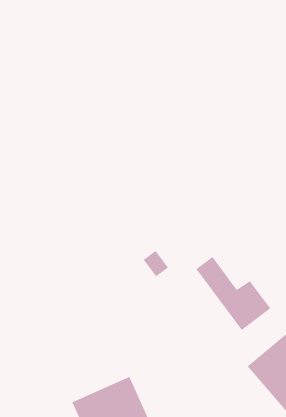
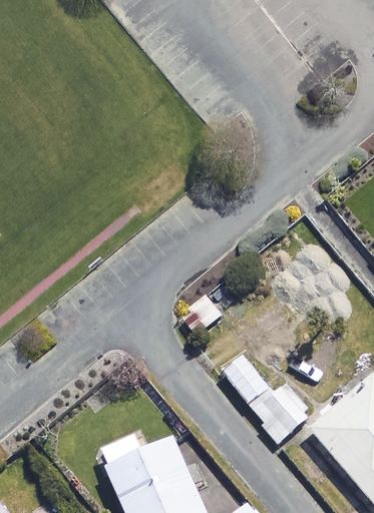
building: [195,256,271,331] -> [224,355,311,441]

